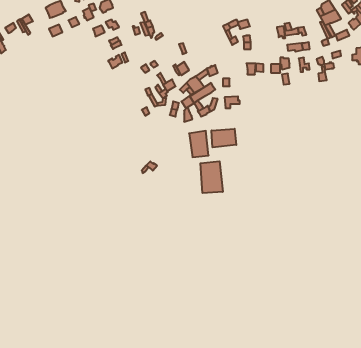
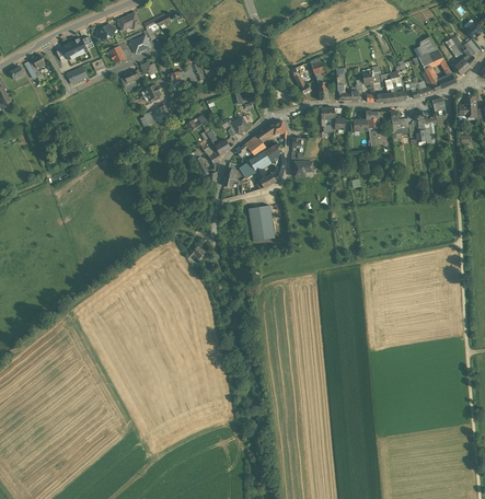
building: [212,129,236,147] -> none
building: [200,161,223,193] -> none

